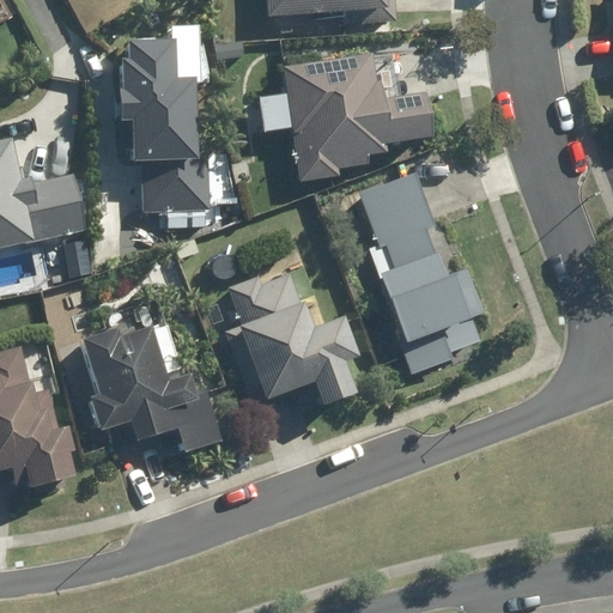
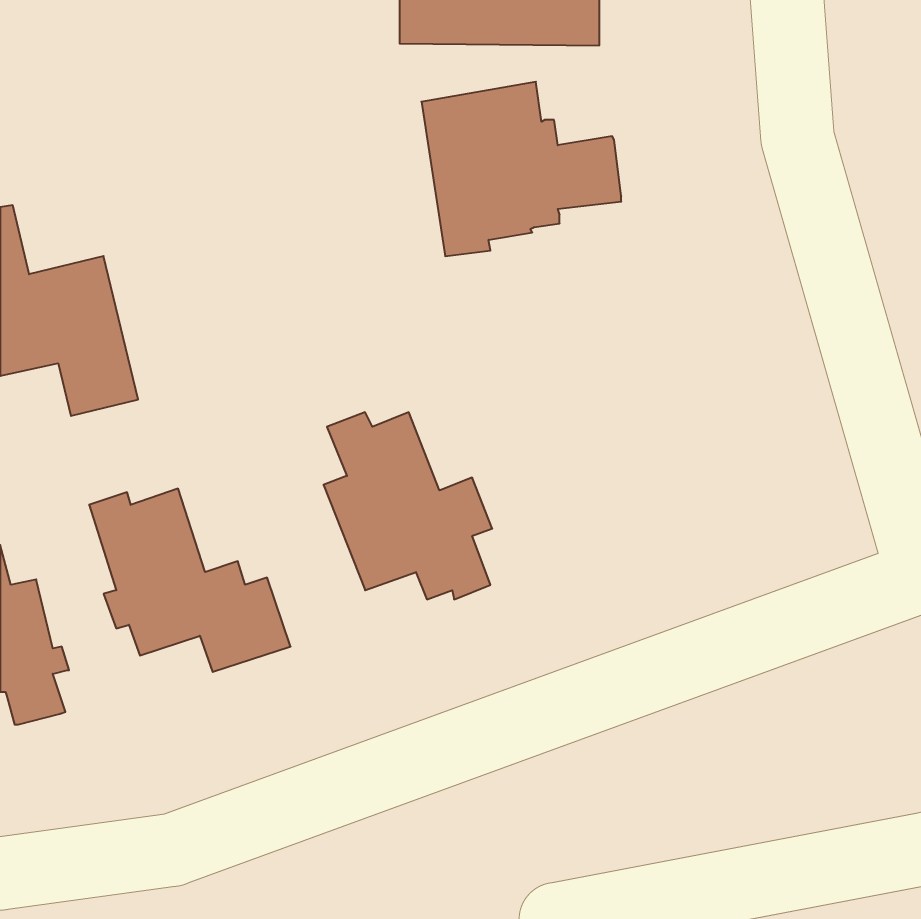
building: [120,36,216,227] -> none
building: [352,170,490,375] -> none

